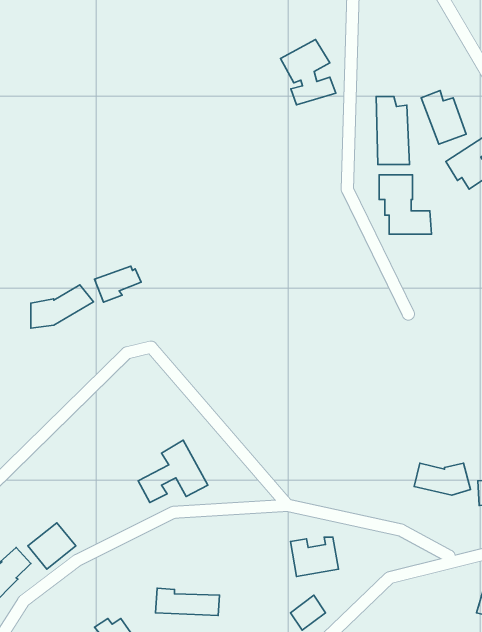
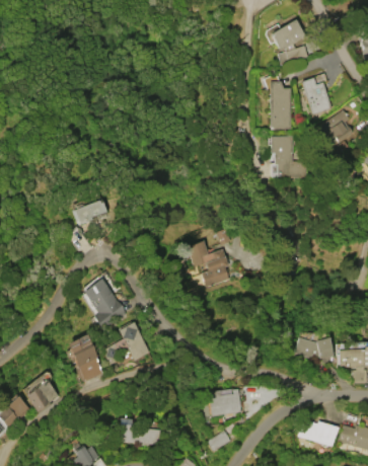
building: [281,39,336,105] -> [270,19,308,65]
building: [31,285,94,328] -> none
building: none -> [187,240,229,287]
building: none -> [82,278,127,328]
building: none -> [66,333,104,382]
building: none -> [297,420,338,446]

